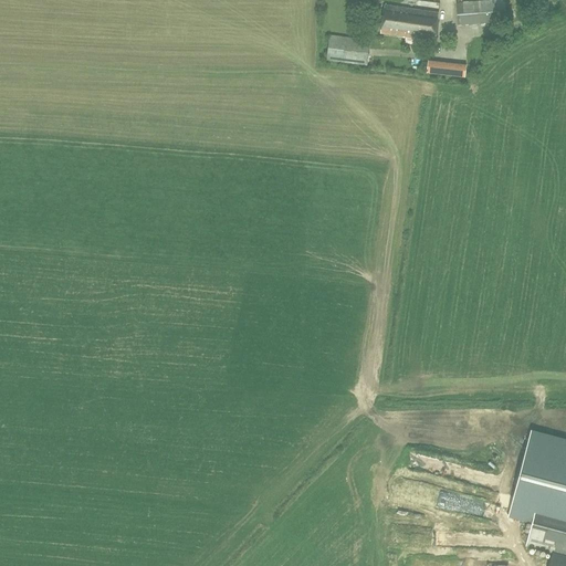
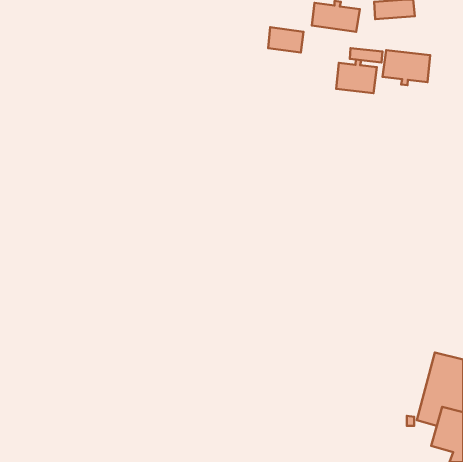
building: none -> [383,50,430,85]
building: none -> [336,60,377,93]

